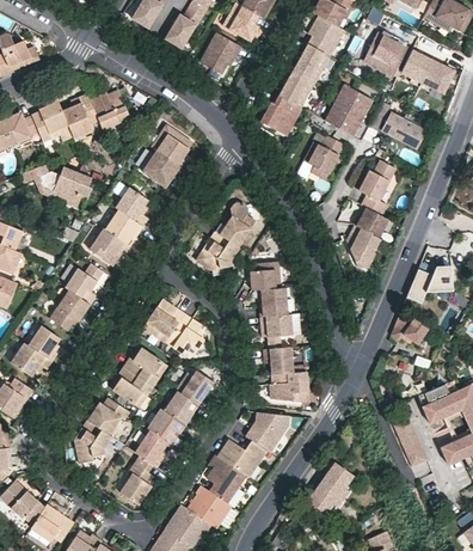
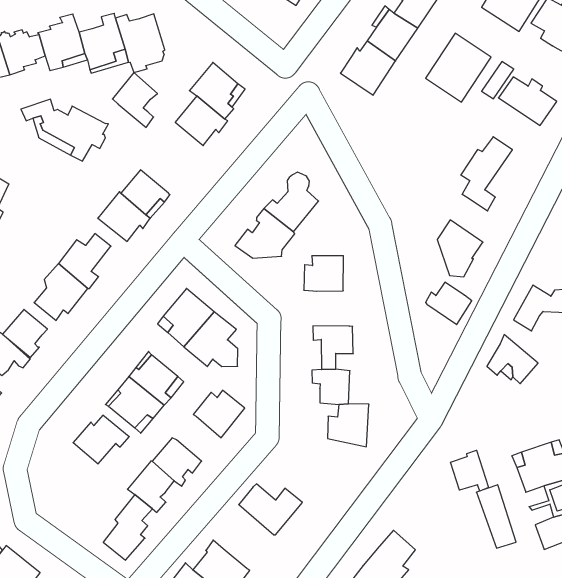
building: [305,136,345,182] -> none
building: [113,185,147,226] -> [112,72,157,127]
building: [354,208,388,239] -> [426,282,472,325]
building: [258,287,287,316] -> none
building: [165,392,198,426] -> none
building: none -> [450,450,489,491]
building: [244,411,287,452] -> none
building: [73,421,111,464] -> none
building: [208,454,245,503] -> none

